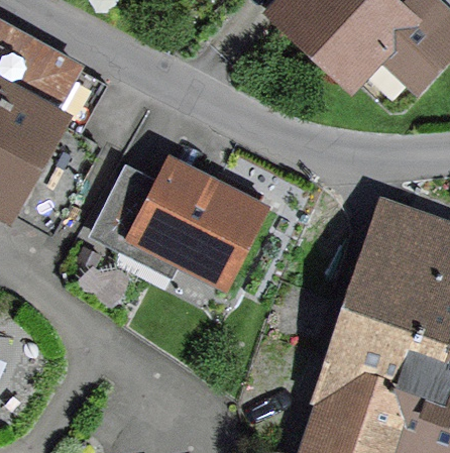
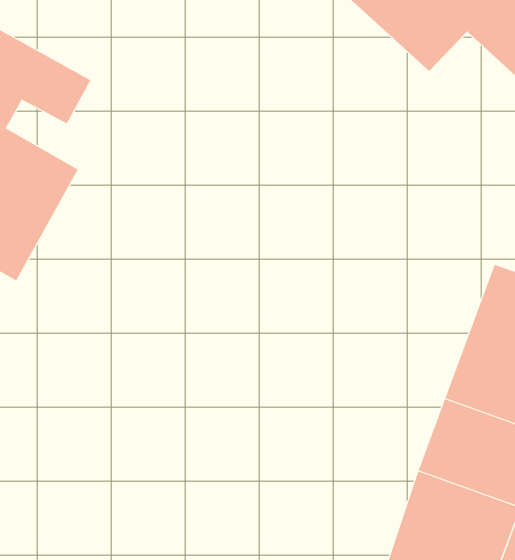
building: [92,165,256,276] -> none

